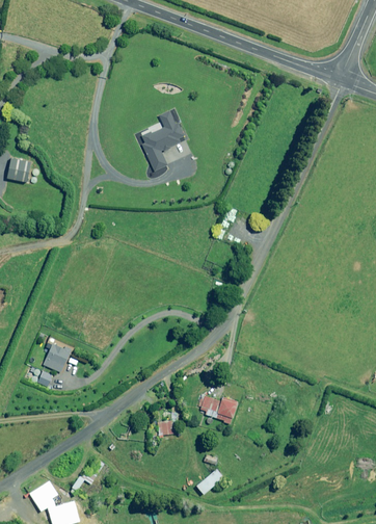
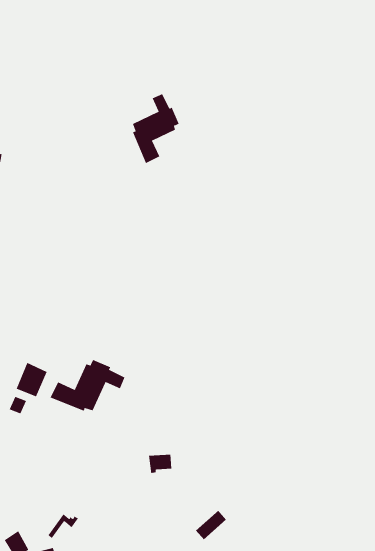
building: none -> [50,359,125,411]
building: [197,394,238,422] -> none

